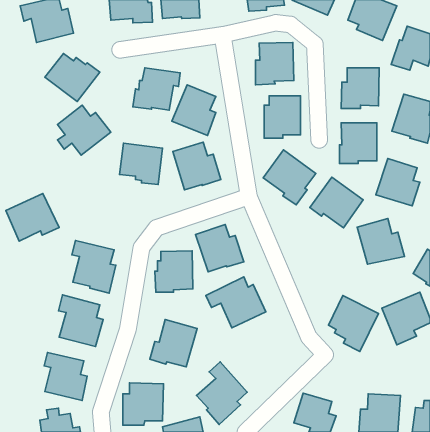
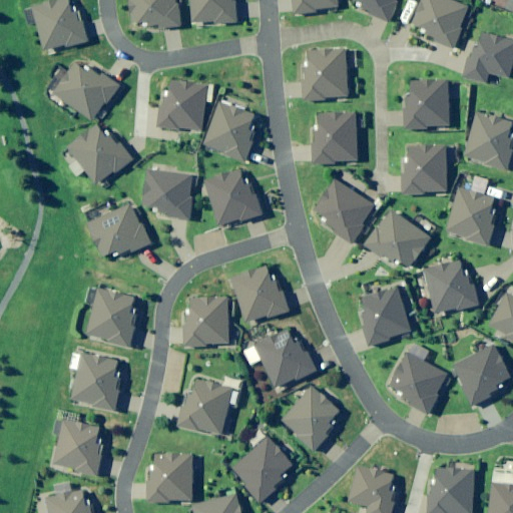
building: [6,194,59,241] -> [87,202,150,259]
building: none -> [361,286,411,346]
building: none -> [282,385,340,451]

